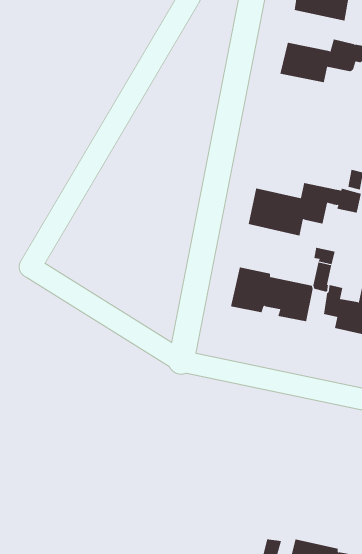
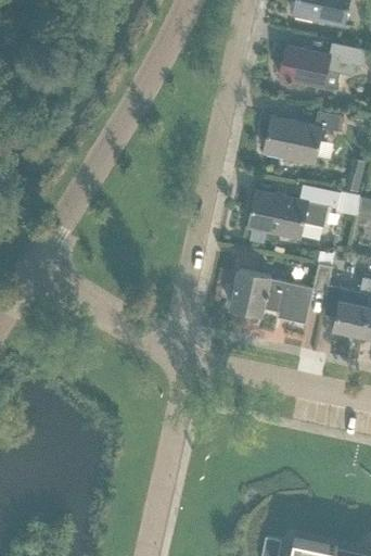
building: none -> [264,112,341,164]

